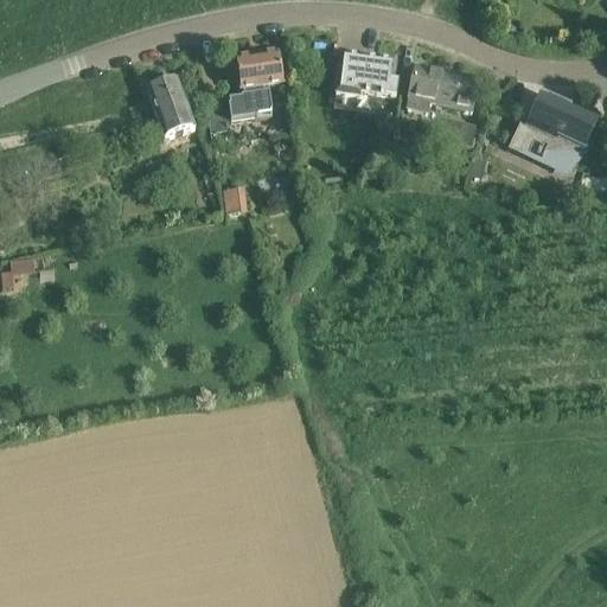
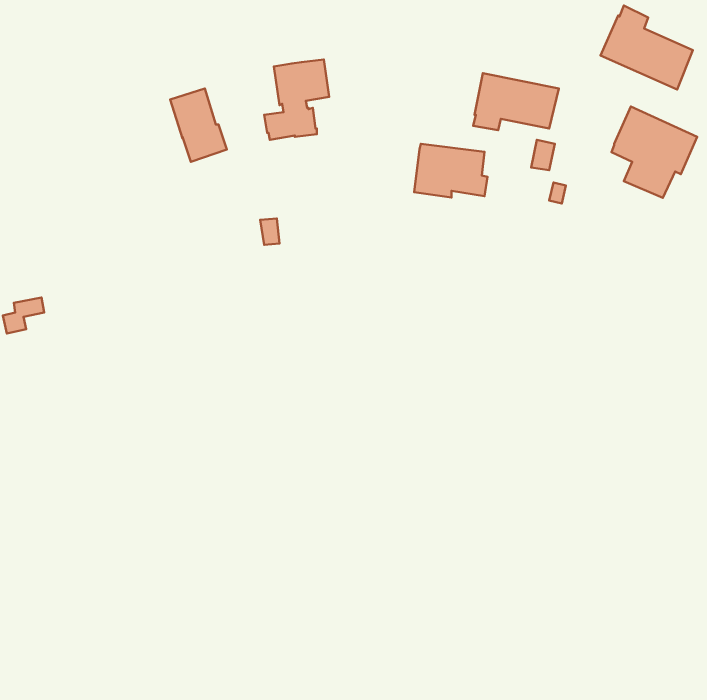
building: none -> [601,6,693,89]
building: [334,52,397,98] -> [414,144,487,198]

